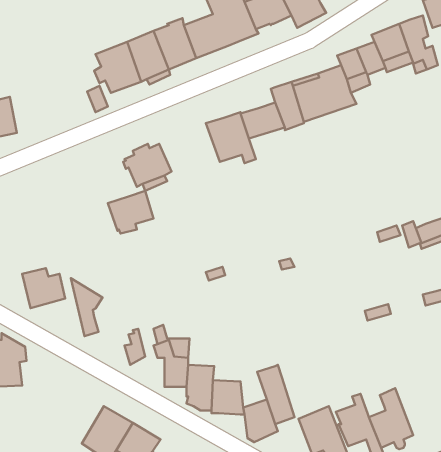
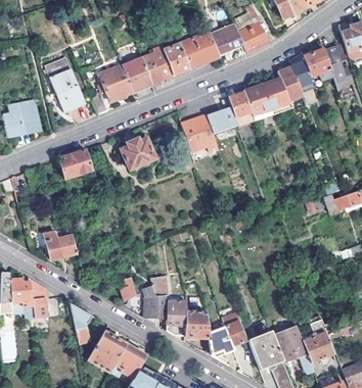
building: none -> [45,57,84,111]
building: [108,191,153,234] -> [57,149,91,181]
building: [71,278,102,336] -> [69,301,92,344]

